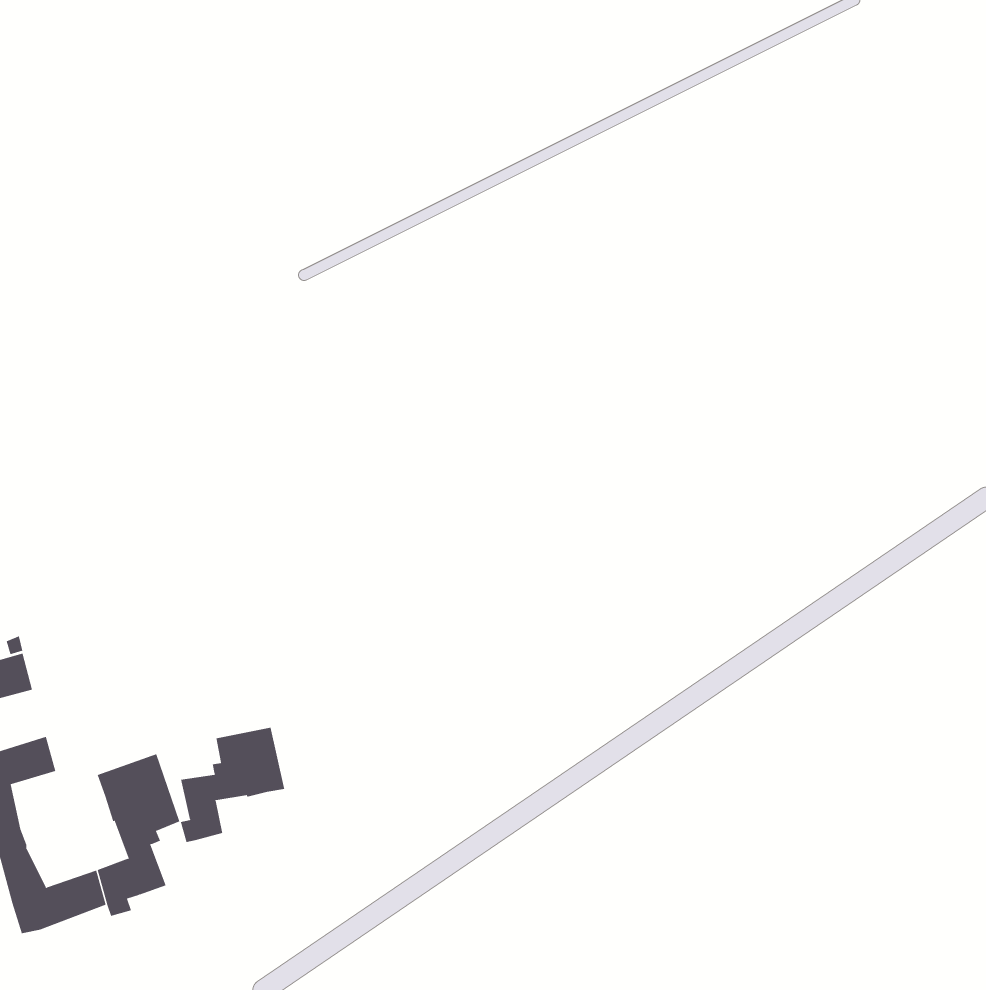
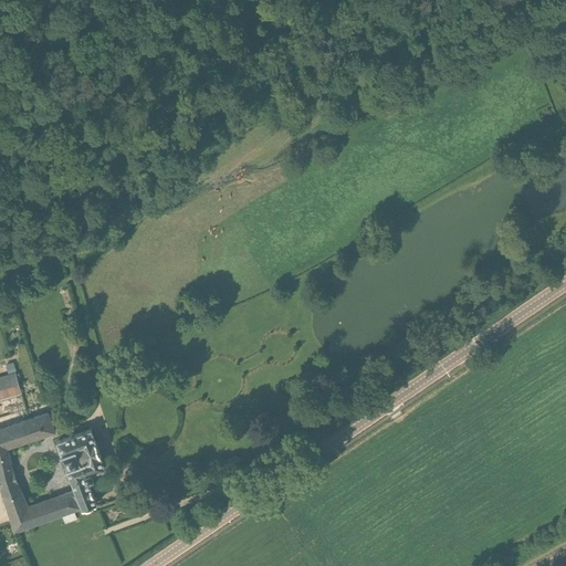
building: none -> [27,413,53,440]
building: [180,727,285,843] -> none

